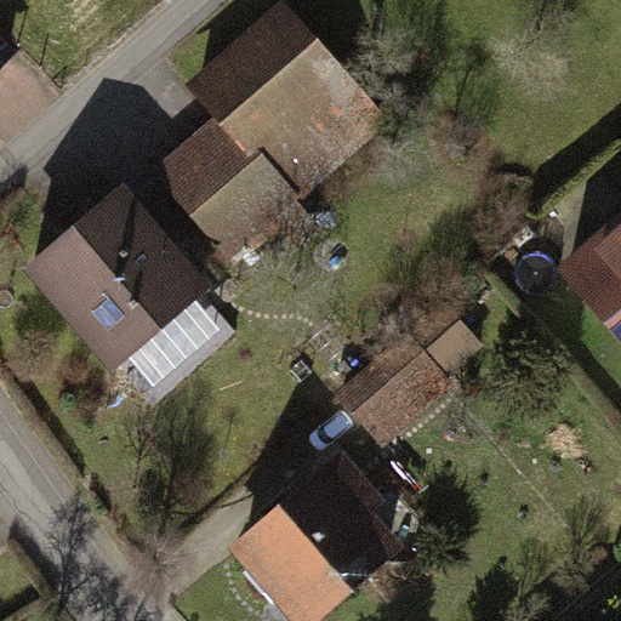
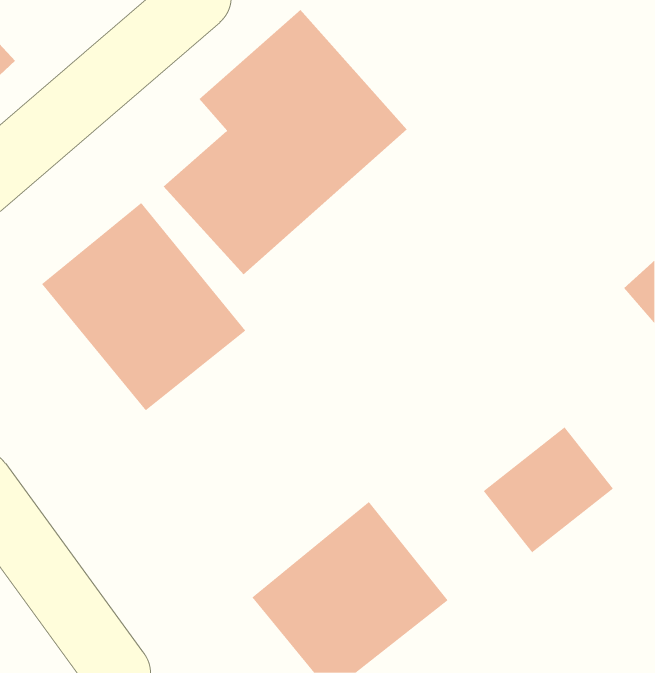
building: [329,329,449,445] -> [483,426,614,553]

